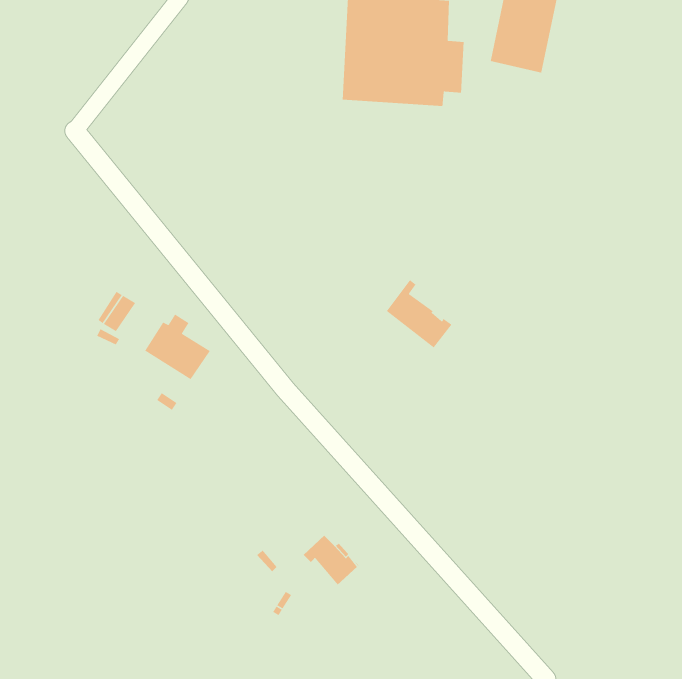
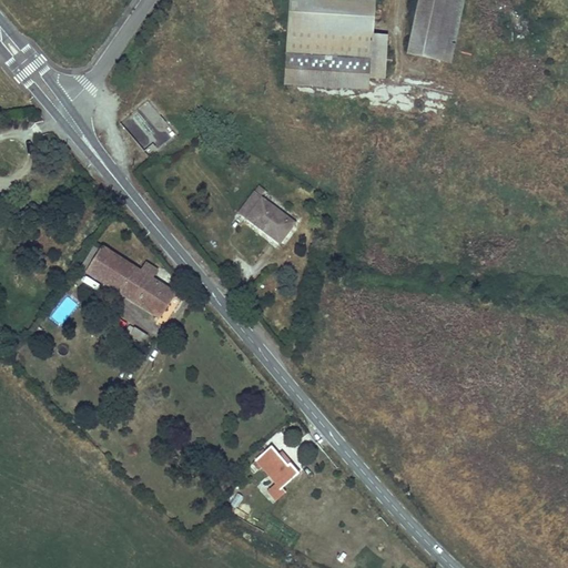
building: none -> [122,100,175,152]
building: [386,279,452,349] -> [240,184,295,242]
building: none -> [97,252,135,292]

